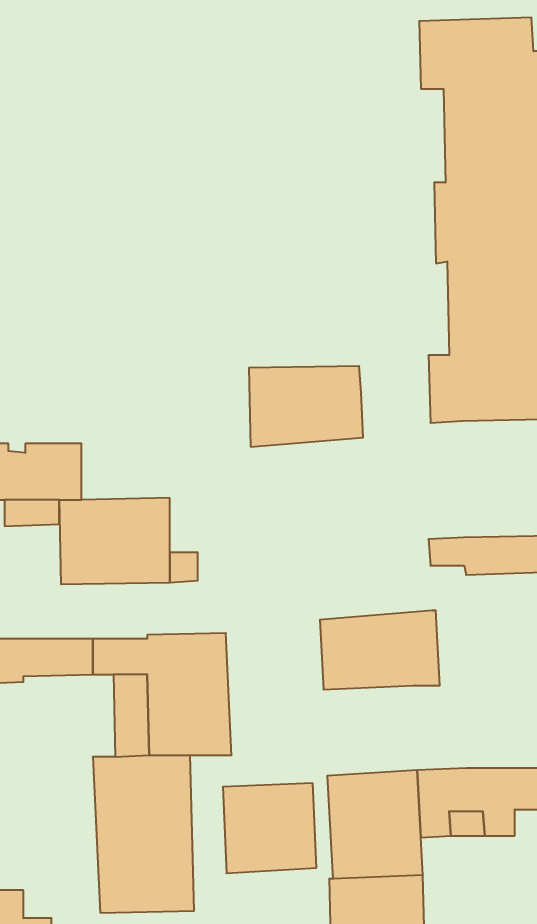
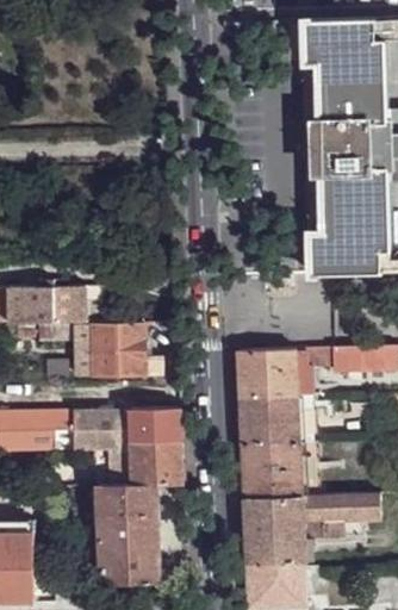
building: [249,366,363,447] -> [238,349,311,400]
building: [223,783,316,873] -> [242,442,301,499]

